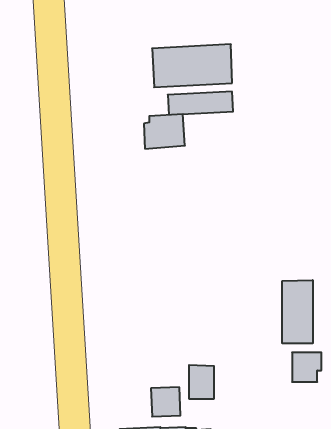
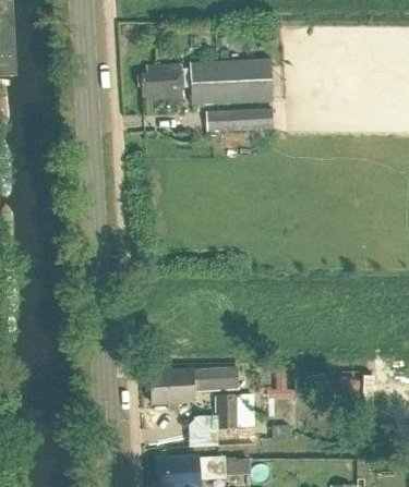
building: [144,114,185,149] -> [141,63,183,99]
building: [282,280,313,343] -> none
building: none -> [151,366,239,403]

